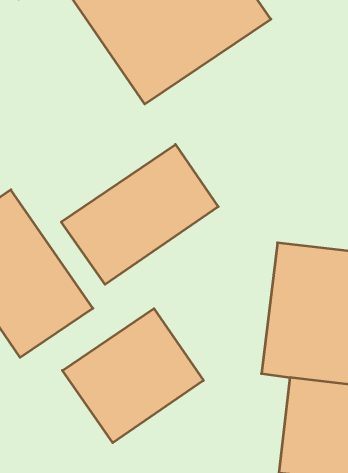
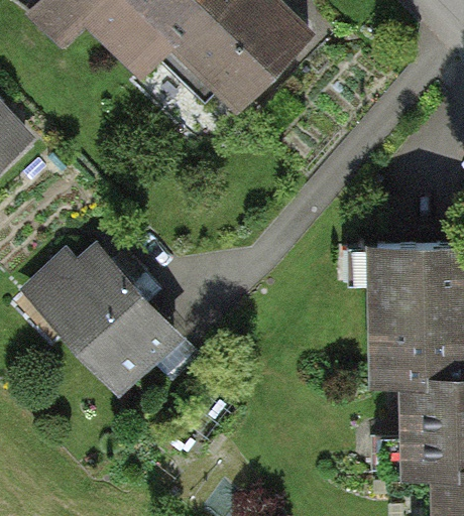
building: [61,144,218,284] -> none
building: [62,309,203,443] -> none

